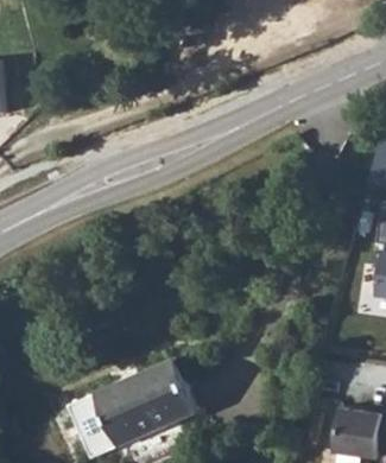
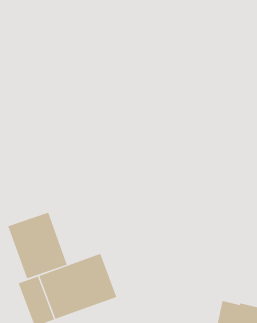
building: none -> [8,212,68,279]

